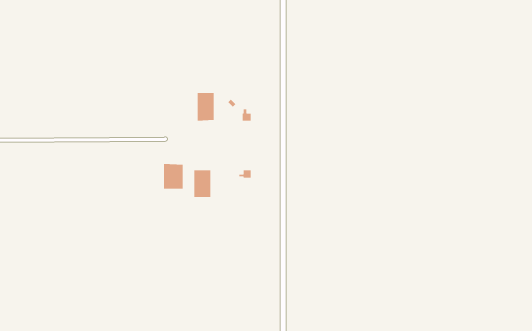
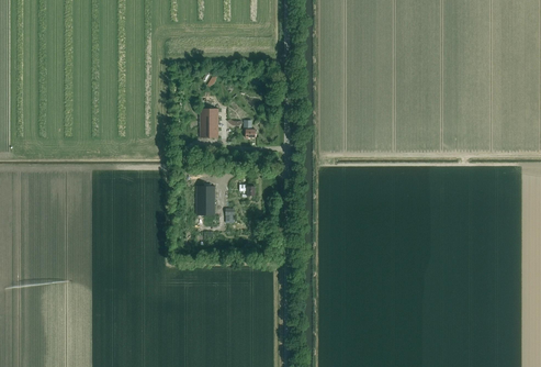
building: [163,163,183,189] -> none

